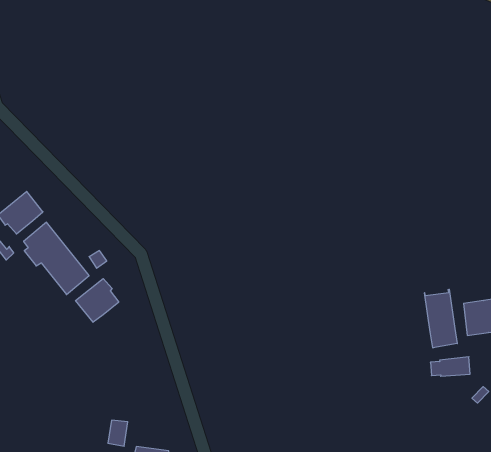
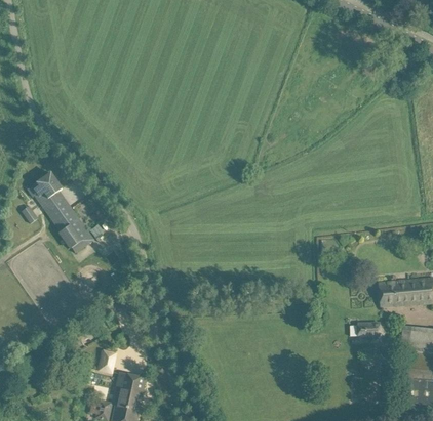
building: [76,279,119,322] -> none
building: [425,289,457,348] -> none

